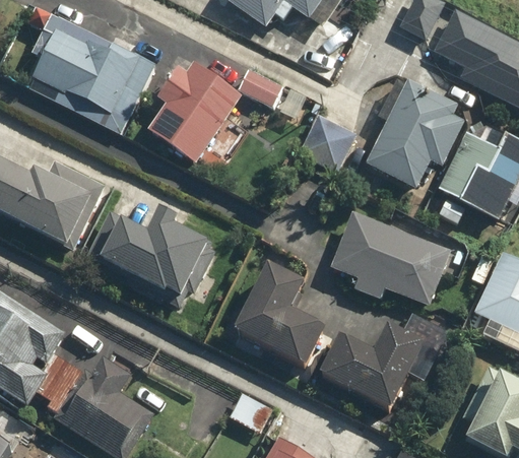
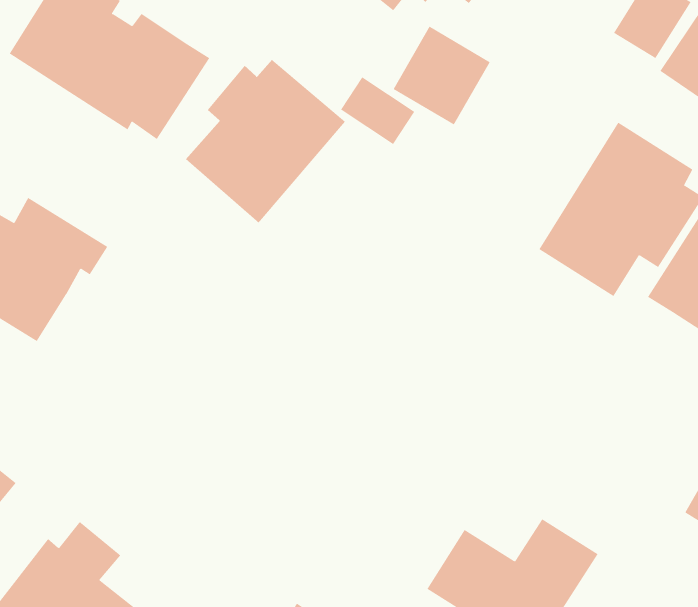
building: [299,115,356,174] -> [393,26,491,125]
building: [86,210,210,303] -> none
building: [329,214,446,305] -> none
building: [233,263,325,366] -> none

